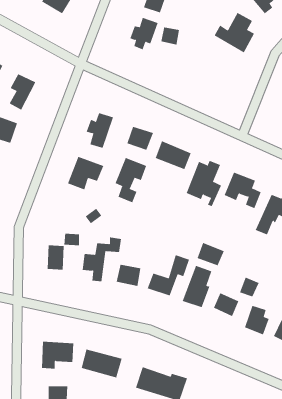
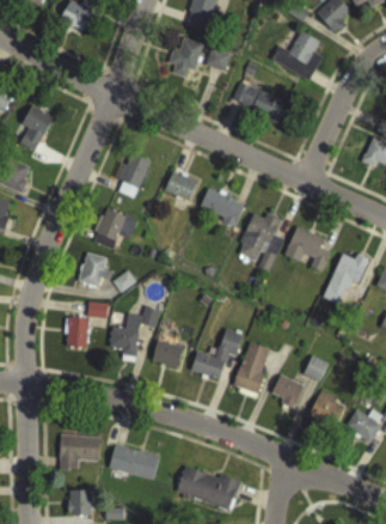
building: none -> [232,80,288,122]
building: [115,157,147,203] -> none
building: none -> [79,252,112,286]
building: [197,242,224,266] -> none

